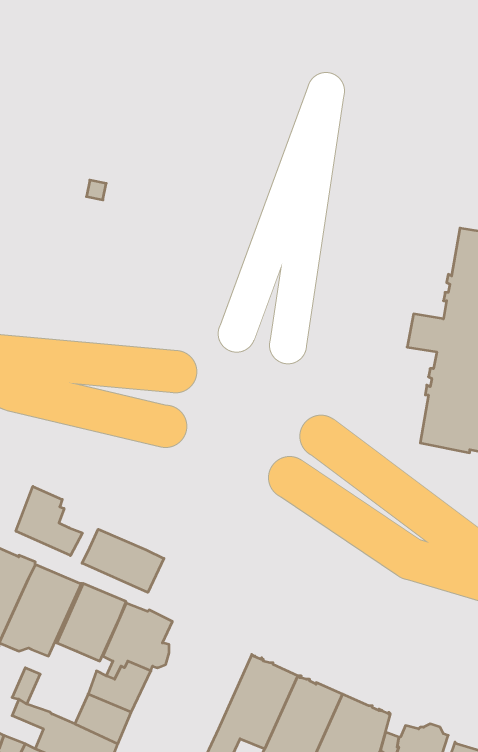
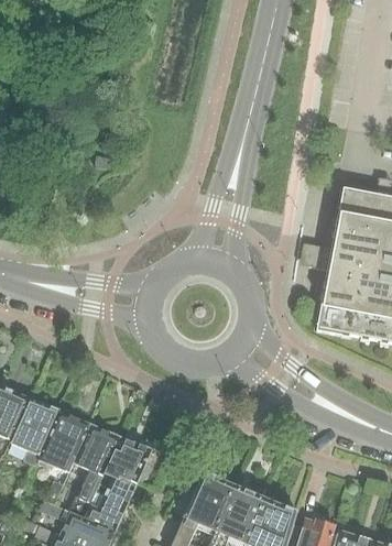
building: [16,486,82,556] -> none
building: [82,529,164,592] -> none
building: none -> [69,470,102,518]

